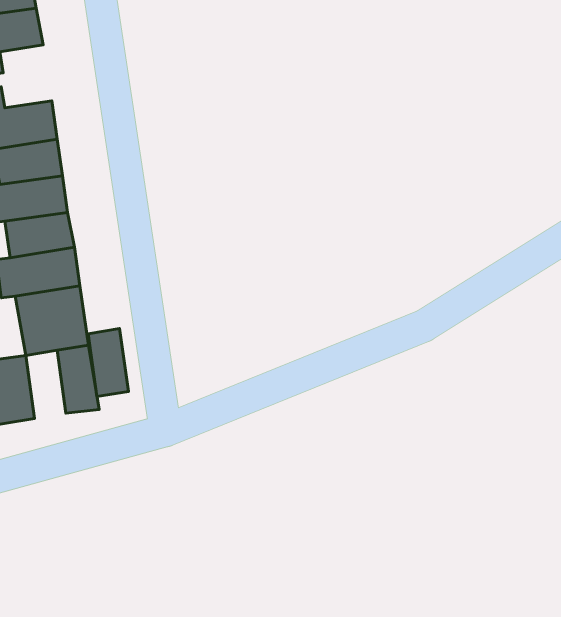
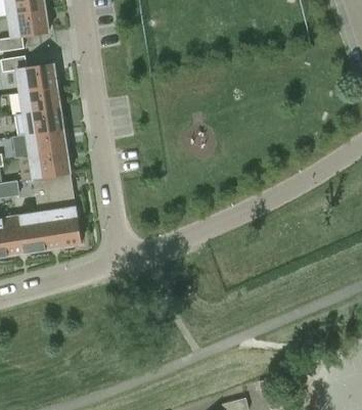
building: [88,329,128,397] -> [38,211,61,250]

